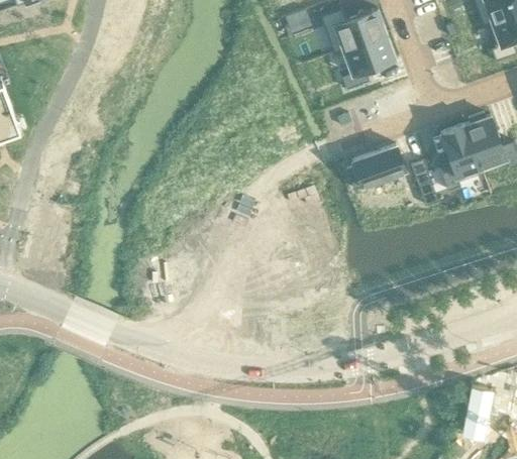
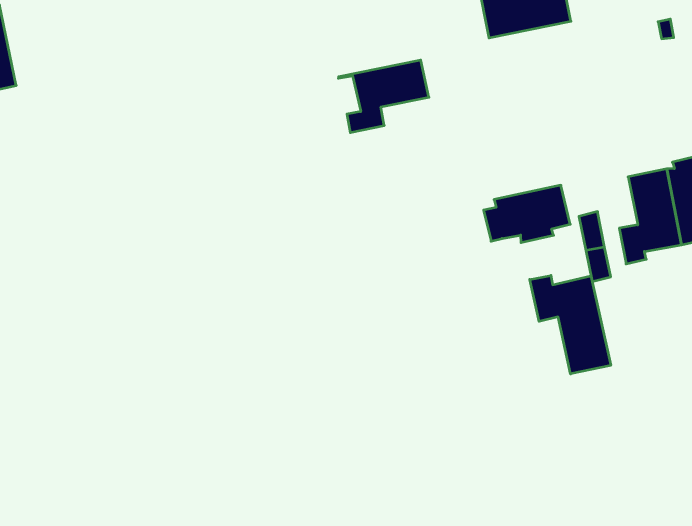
building: [332,32,395,88] -> [338,60,429,133]
building: none -> [530,275,611,374]

